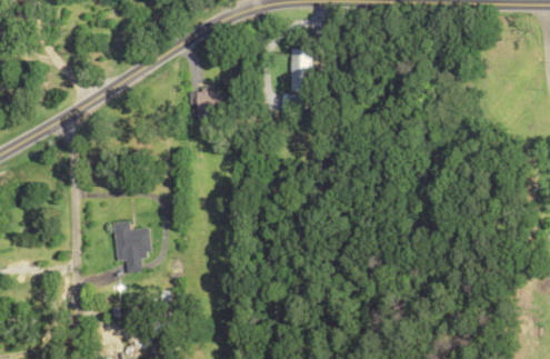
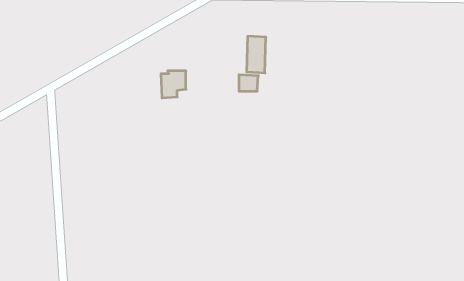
building: [113,220,149,271] -> none

